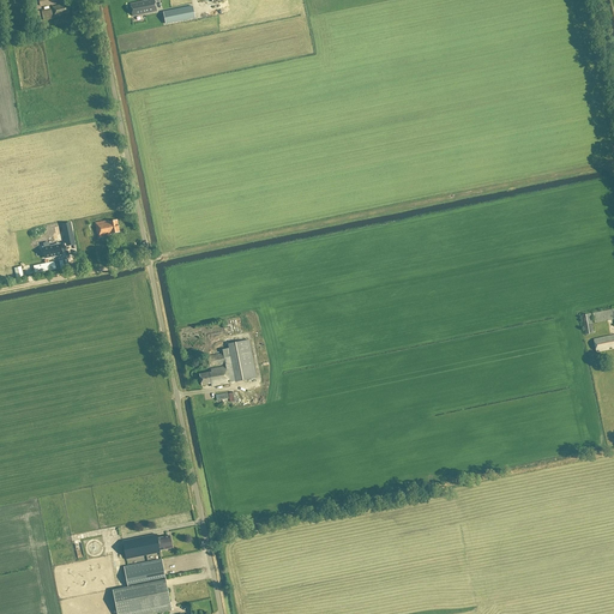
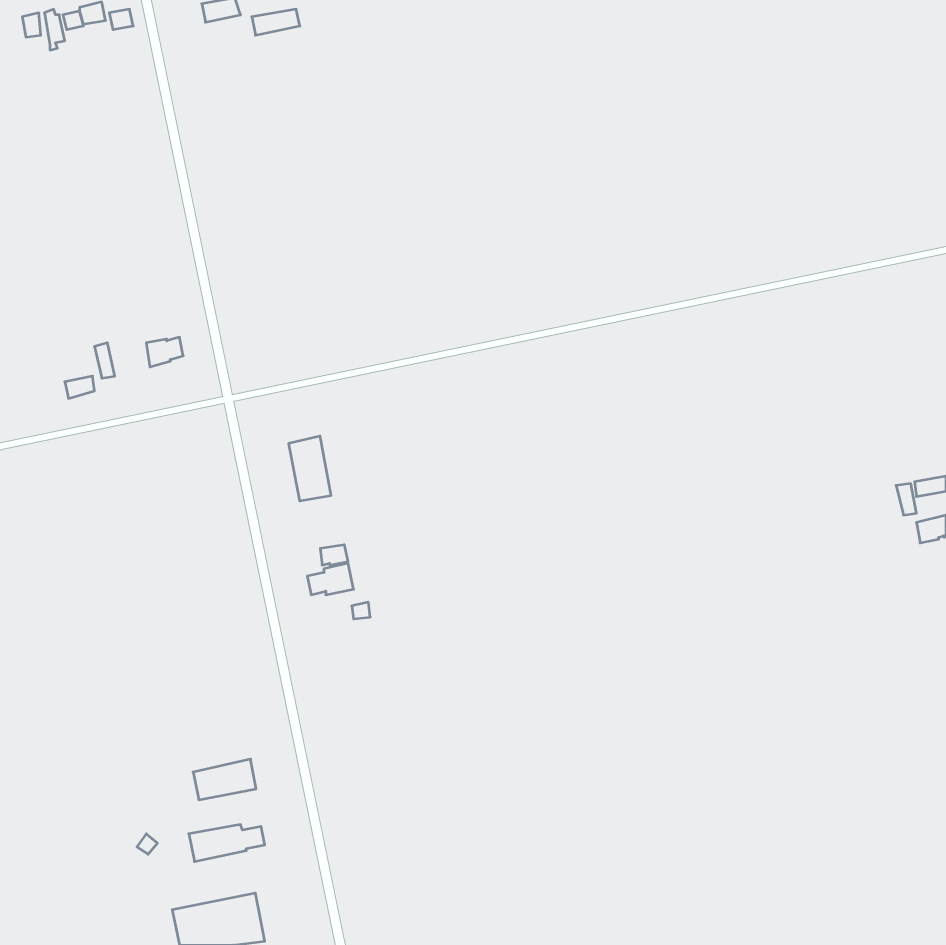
building: [228,338,255,380] -> [289,436,331,501]
building: [124,558,164,584] -> [193,759,256,800]

